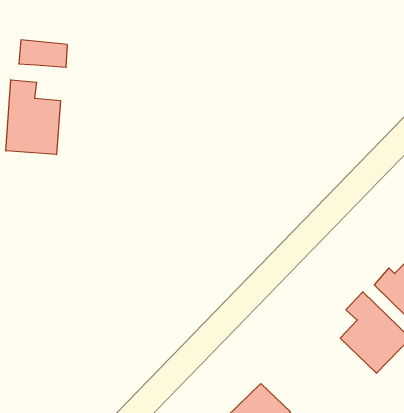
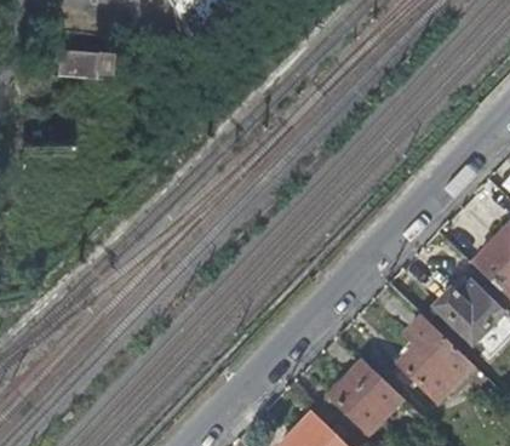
building: [6,80,60,155] -> none
building: none -> [330,361,403,435]

